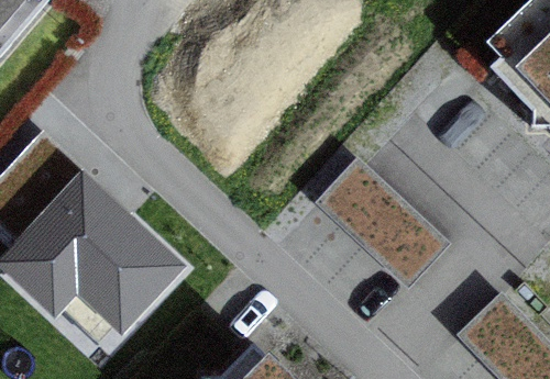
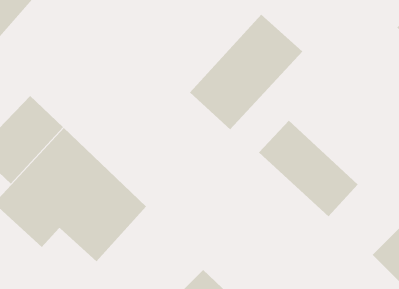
building: none -> [189,14,303,130]

